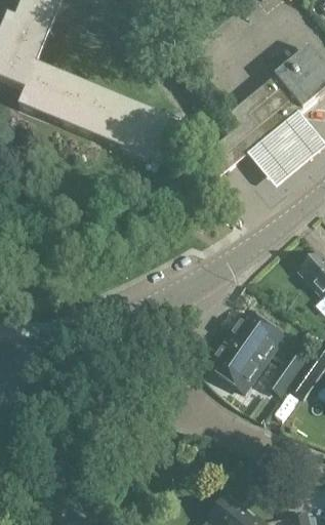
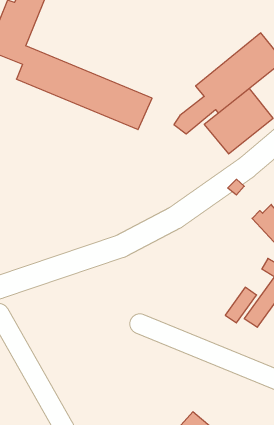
building: [210,310,285,392] -> none

